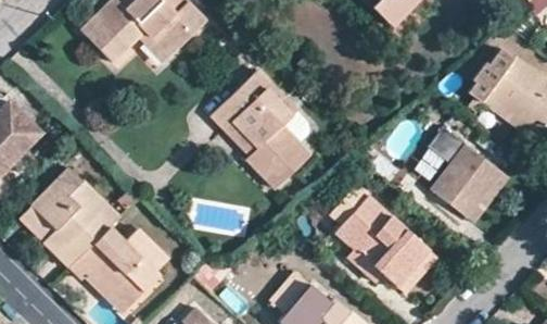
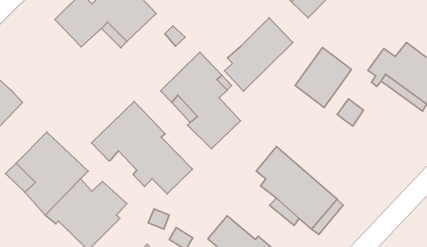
building: none -> [225,18,293,91]
building: none -> [92,102,192,194]
building: [431,144,500,217] -> [295,48,351,107]

